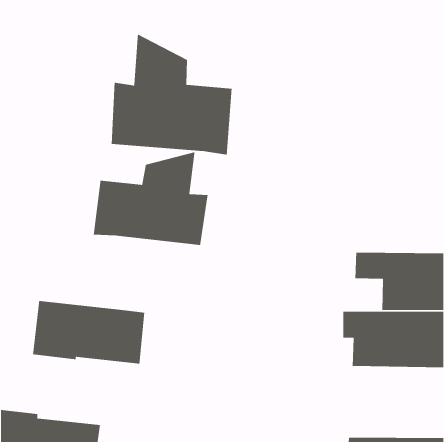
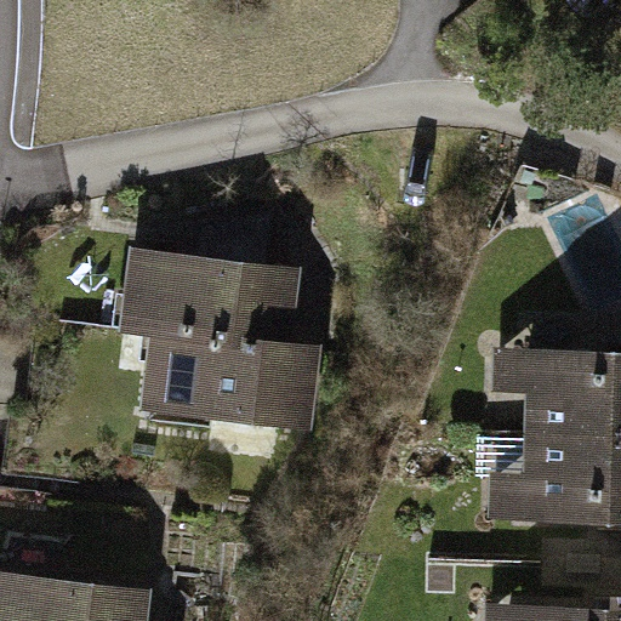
building: [111,33,232,156] -> none
building: [32,300,145,364] -> [153,332,310,422]

